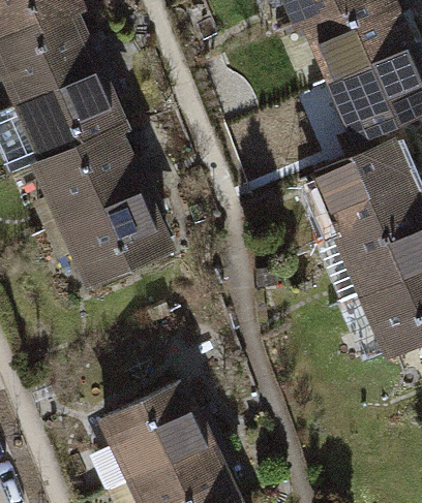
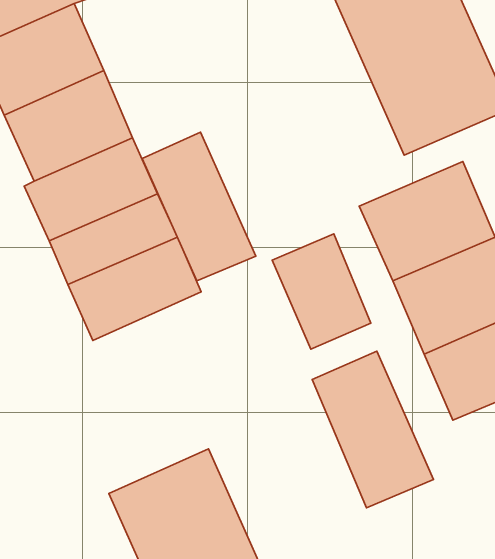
building: none -> [142,132,256,281]
building: none -> [272,234,371,349]
building: none -> [312,351,433,508]

